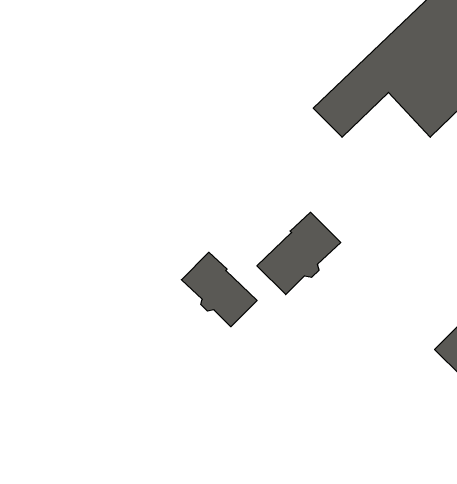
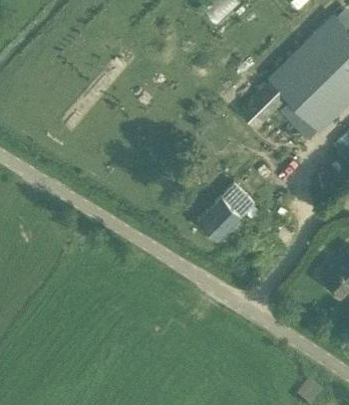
building: [181,252,257,327] -> none

